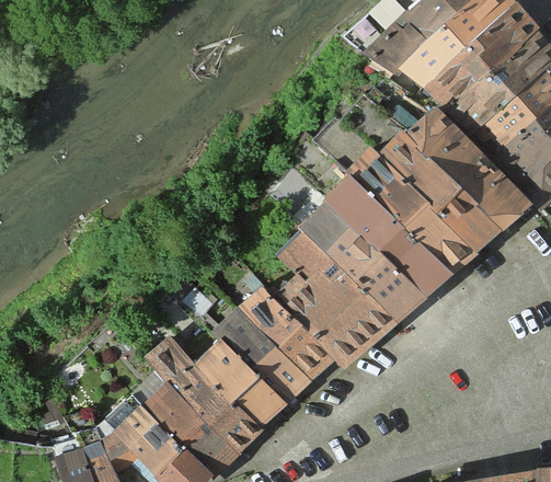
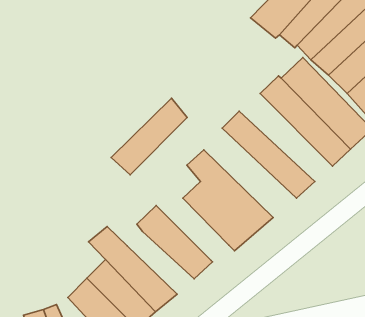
building: [345,147,477,274] -> none
building: none -> [111,98,187,175]
building: [298,202,427,323] -> none
building: [237,286,335,381] -> none
building: [197,342,288,427] -> none

